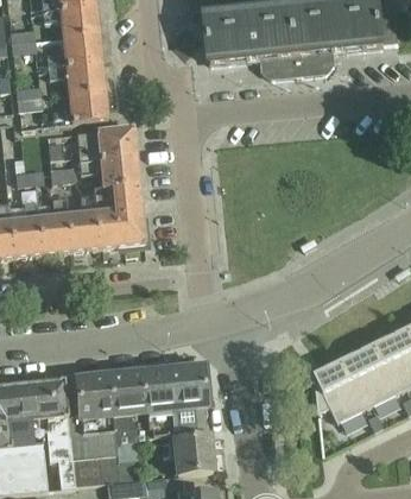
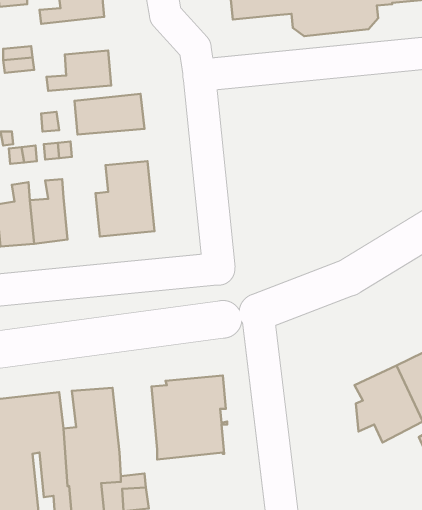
building: [49,61,106,93] -> none
building: [80,156,139,187] -> none
building: [68,195,99,250] -> none
building: [109,372,147,430] -> none
building: [169,436,213,474] -> none

